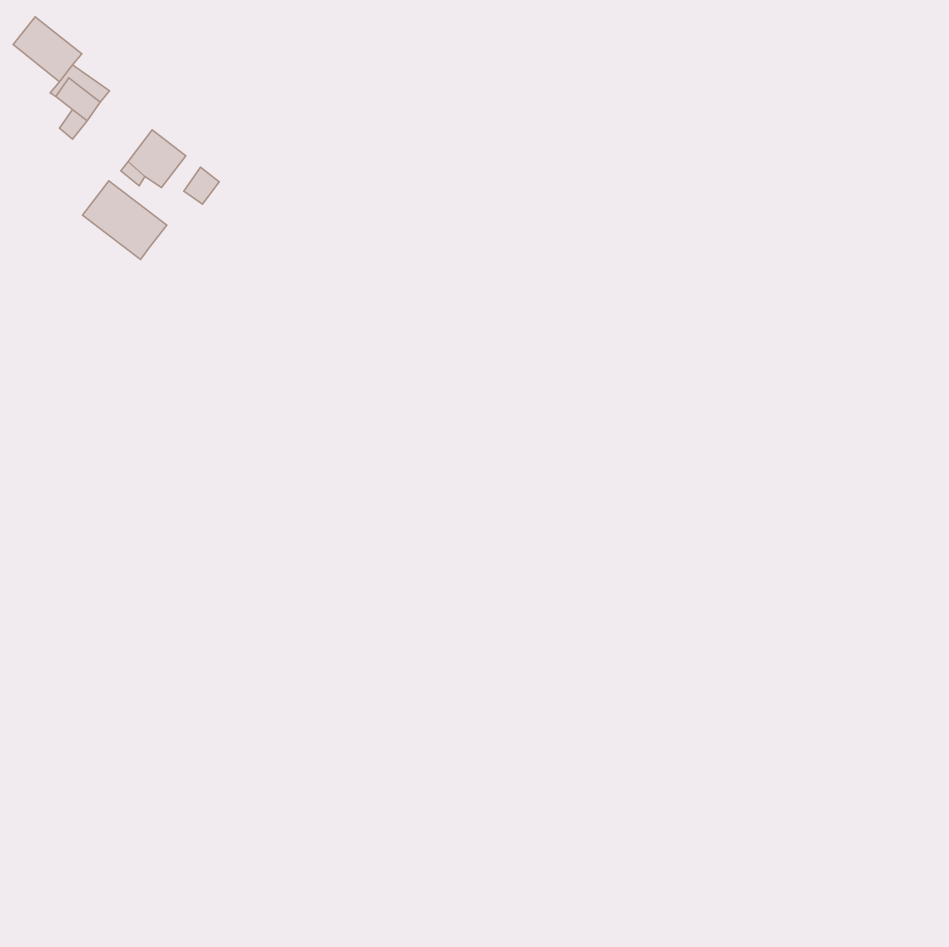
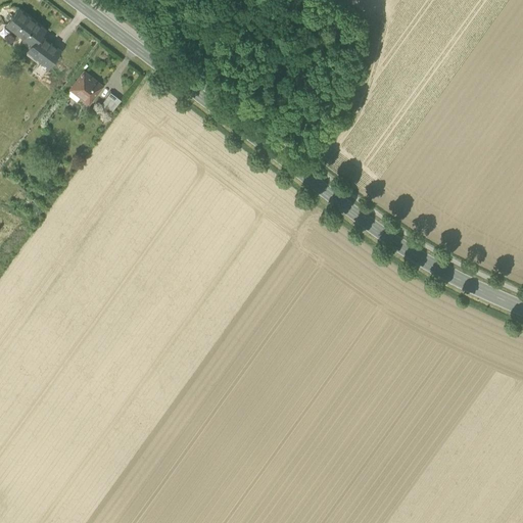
building: [83,181,167,259] -> none

